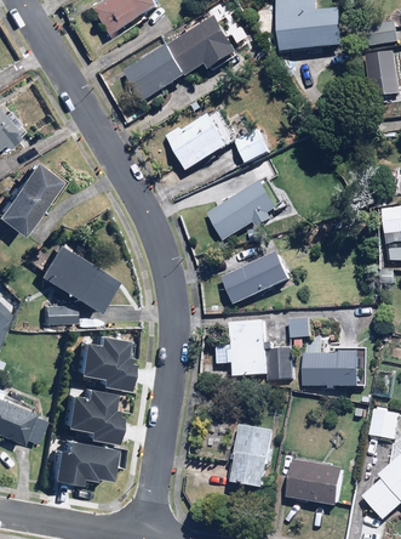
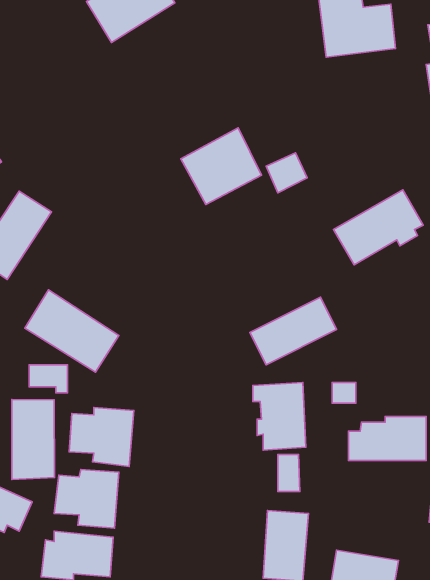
building: [126,17,239,100] -> none
building: [206,180,280,242] -> [334,190,423,265]
building: none -> [12,400,55,479]
building: [274,347,292,378] -> [278,455,300,491]

